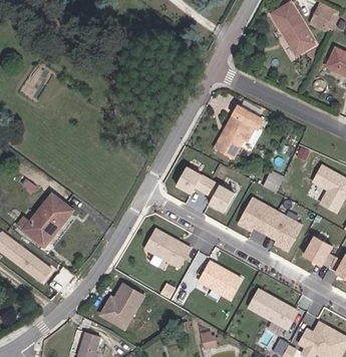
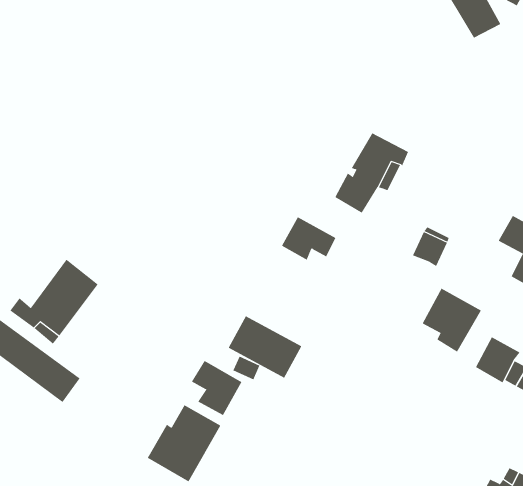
building: [208,179,238,211] -> none
building: [240,196,279,232] -> none
building: none -> [191,360,242,416]
building: [201,259,244,297] -> none
building: [251,288,299,327] -> none

